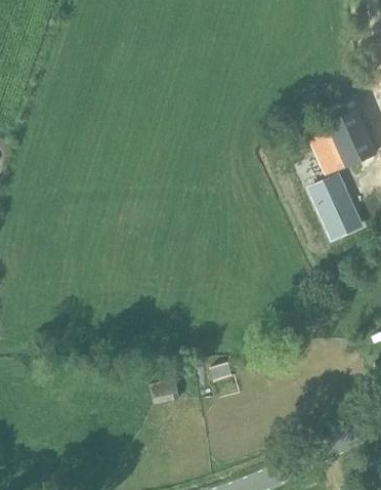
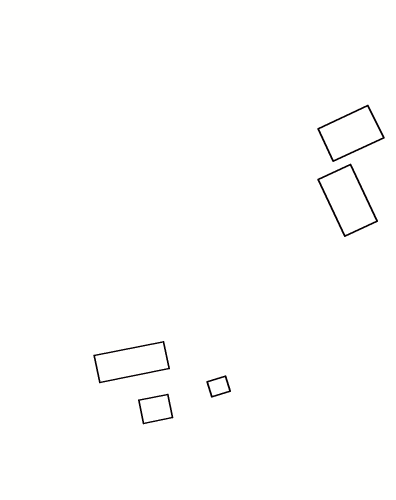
building: none -> [94,342,169,382]

